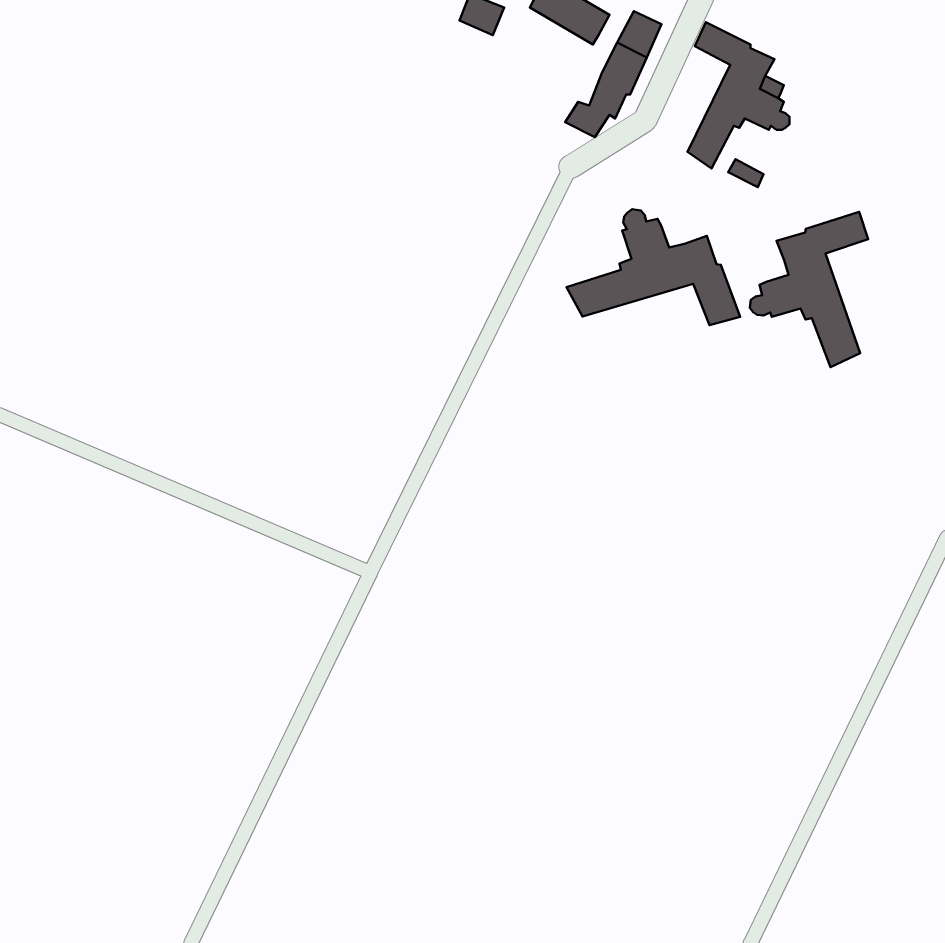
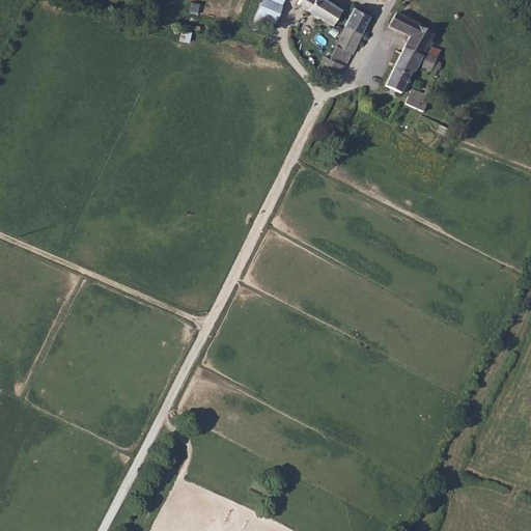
building: [566,209,740,325] -> none
building: [750,212,868,367] -> none

